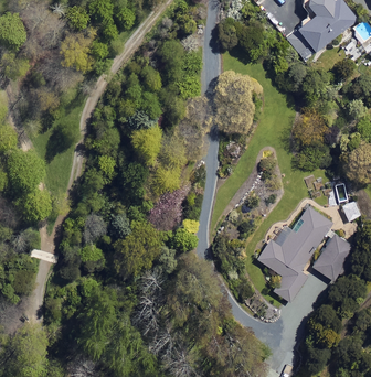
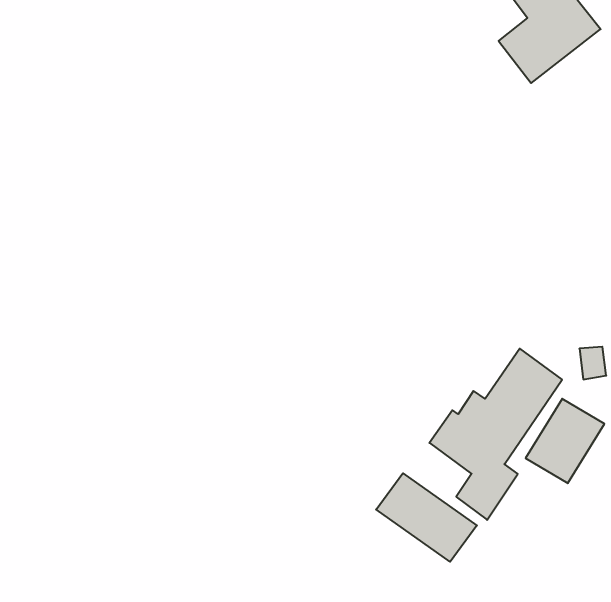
building: none -> [376,473,477,562]

